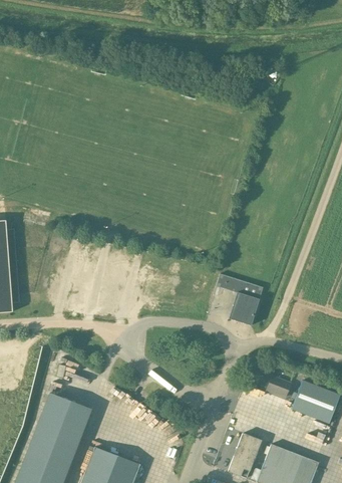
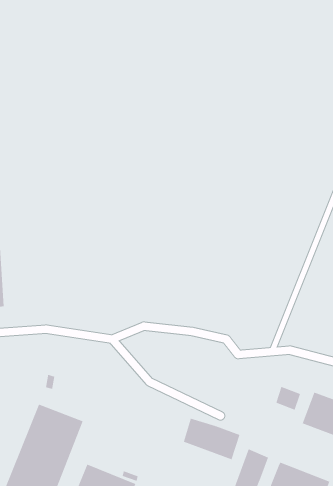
building: [216,274,263,326] -> none
building: none -> [183,418,240,460]

